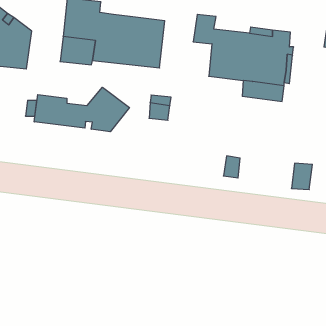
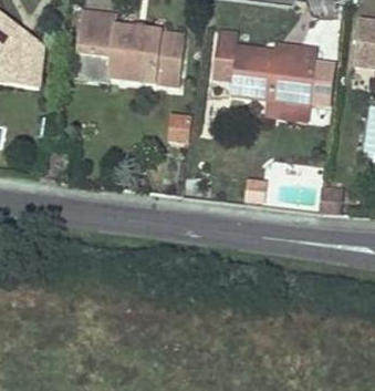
building: [34,87,129,132] -> none

